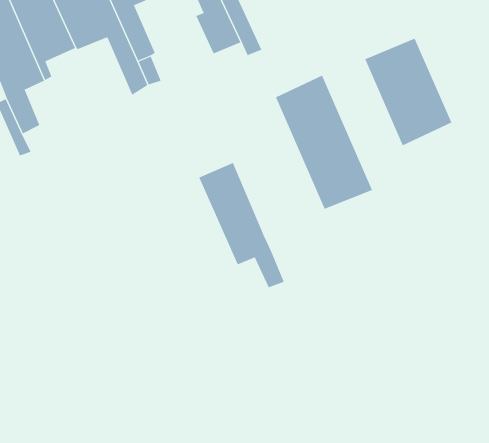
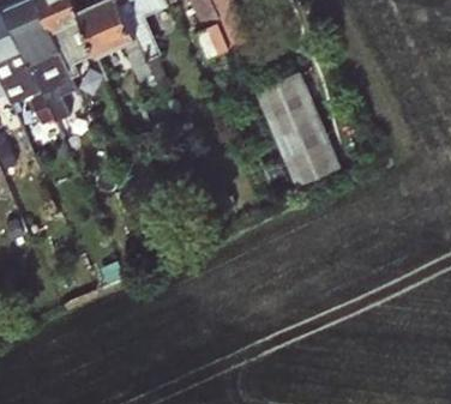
building: [364,38,452,146] -> none
building: [198,162,285,288] -> none

